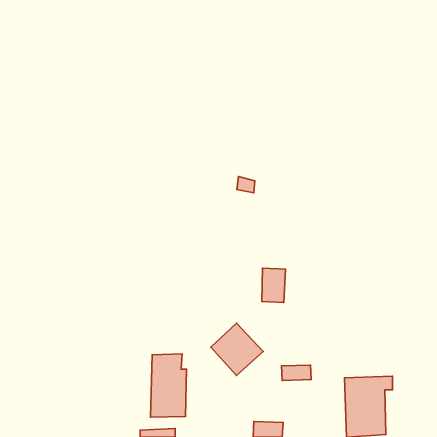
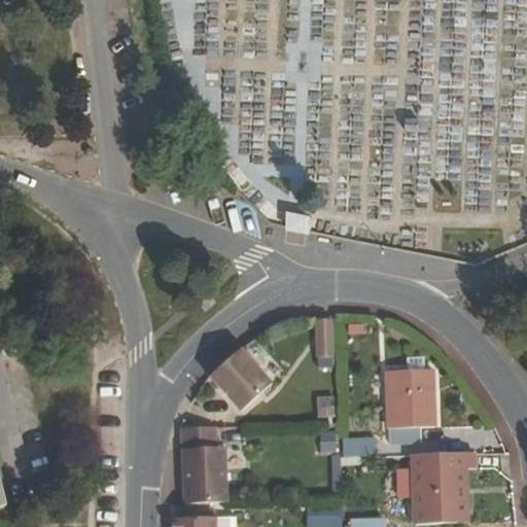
building: none -> [386,370,434,447]
building: [211,323,263,376] -> [212,349,275,412]

